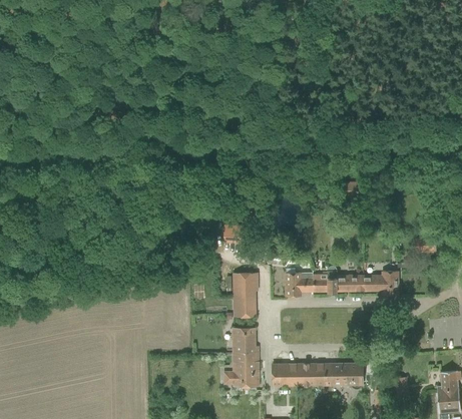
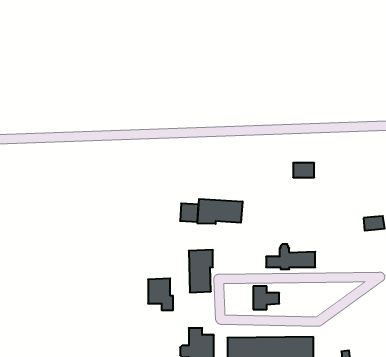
building: none -> [197,199,243,224]
building: [364,271,398,295] -> none
building: [286,273,313,297] -> [253,286,279,309]
building: [233,328,259,361] -> [148,278,173,310]

